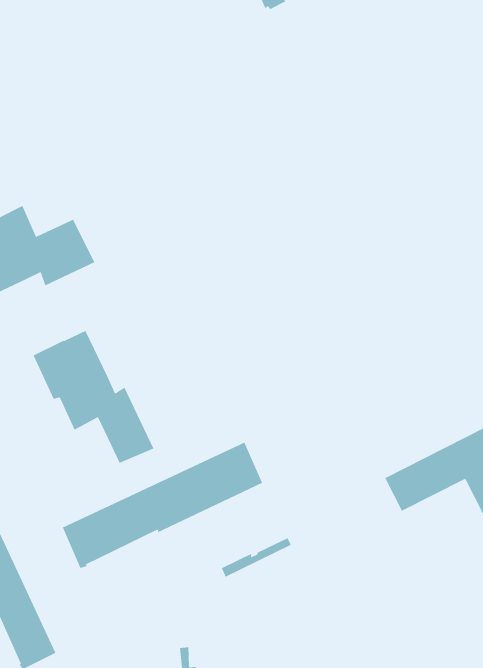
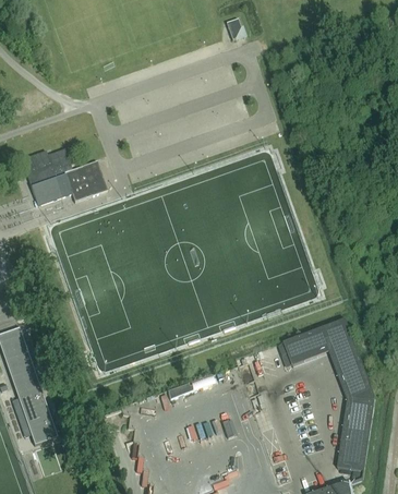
building: [32,330,154,465] -> none
building: [62,441,263,569] -> none

